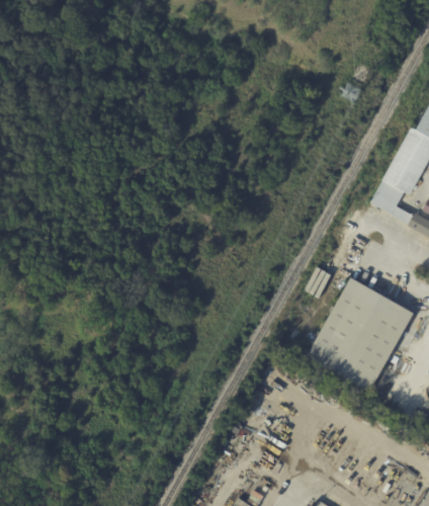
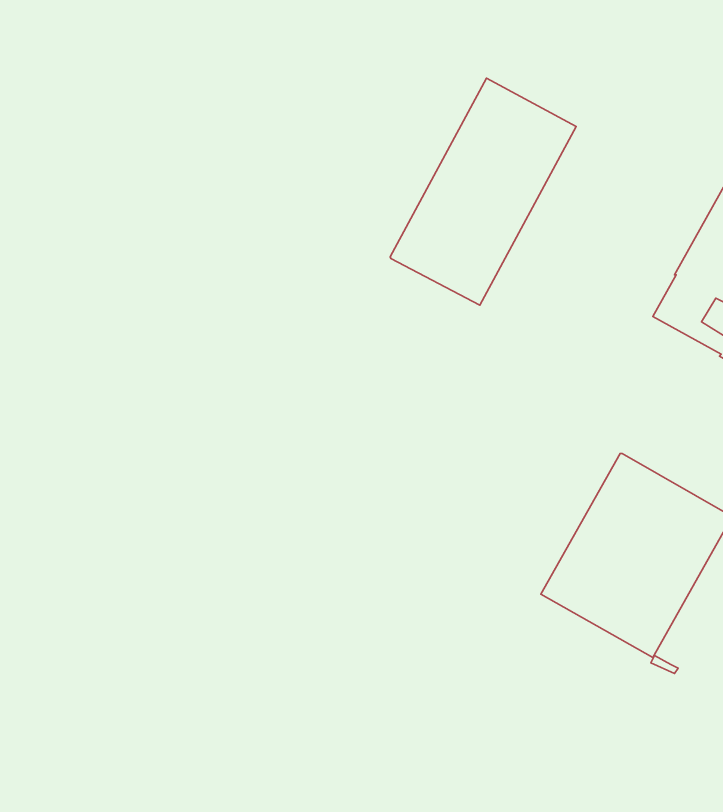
building: none -> [390,78,576,305]

